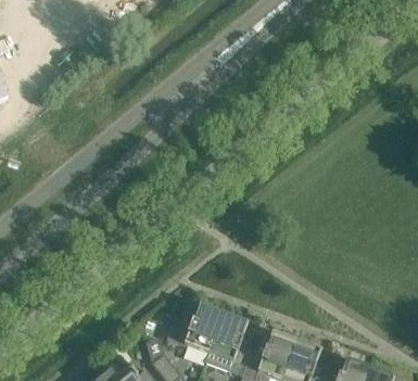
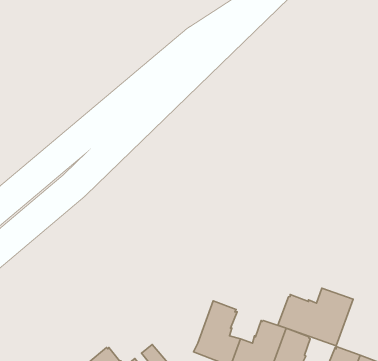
building: none -> [278,288,353,346]
building: [166,302,224,355] -> none

